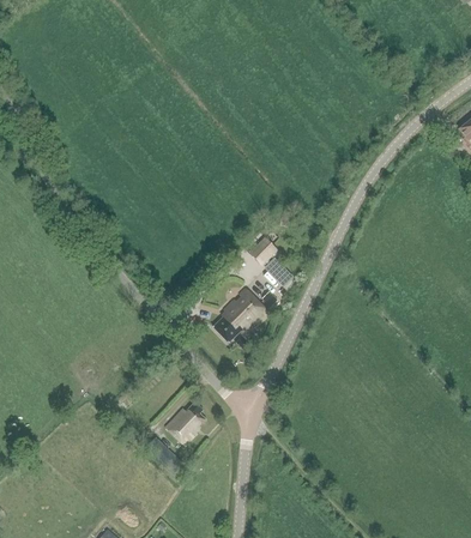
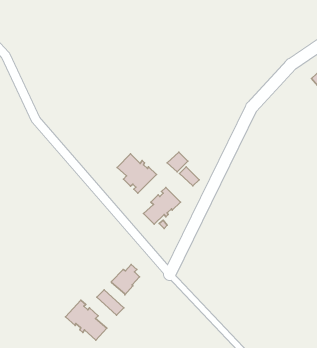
building: none -> [117,154,156,193]
building: none -> [66,300,107,340]

